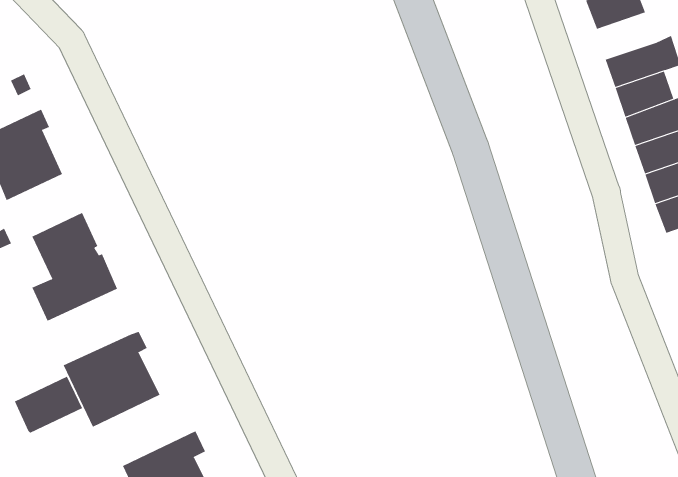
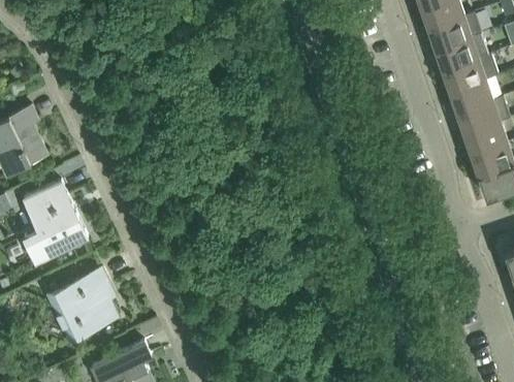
building: none -> [436,37,479,71]
building: [14,376,83,434] -> none

